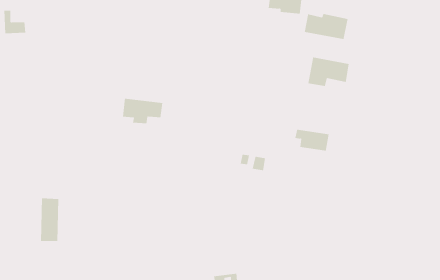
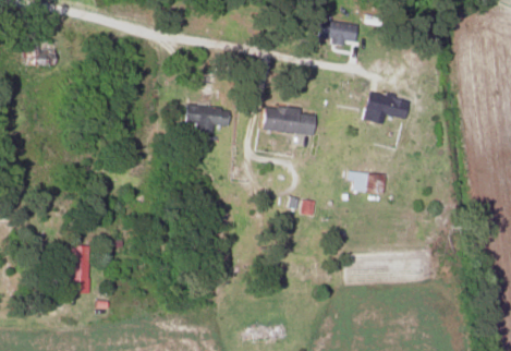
building: [304,13,348,40] -> none
building: none -> [261,105,316,136]
building: [122,98,163,124] -> [185,104,230,132]

